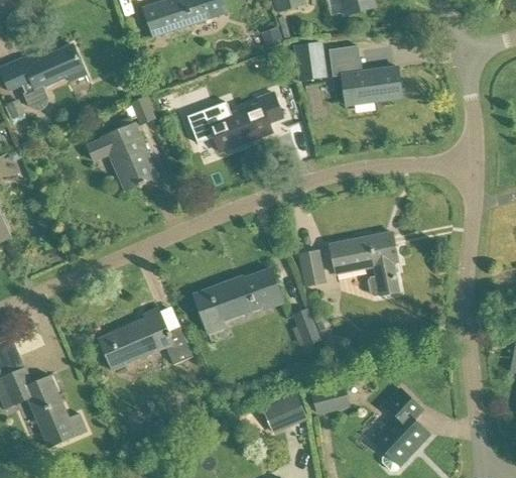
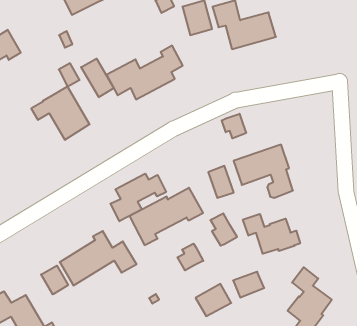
building: none -> [81,59,114,97]
building: none -> [222,114,246,138]
building: none -> [110,174,166,221]
building: none -> [243,214,300,254]
building: none -> [177,244,203,270]
building: none -> [41,266,68,294]

